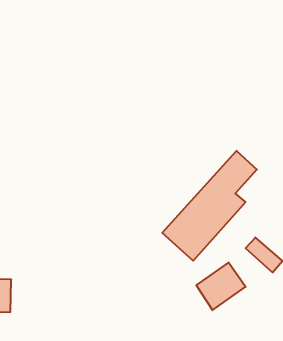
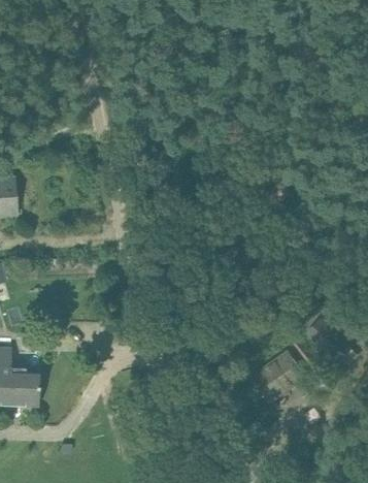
building: [162,151,257,261] -> none

